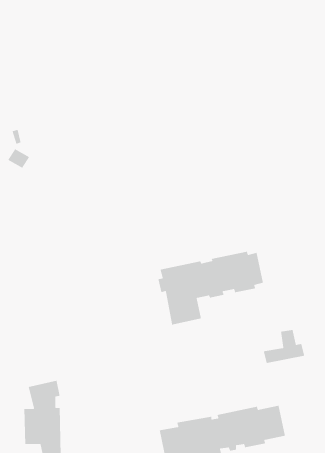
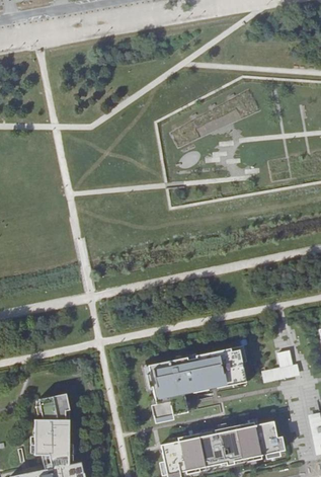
building: [157,251,264,325] -> [146,347,245,417]

